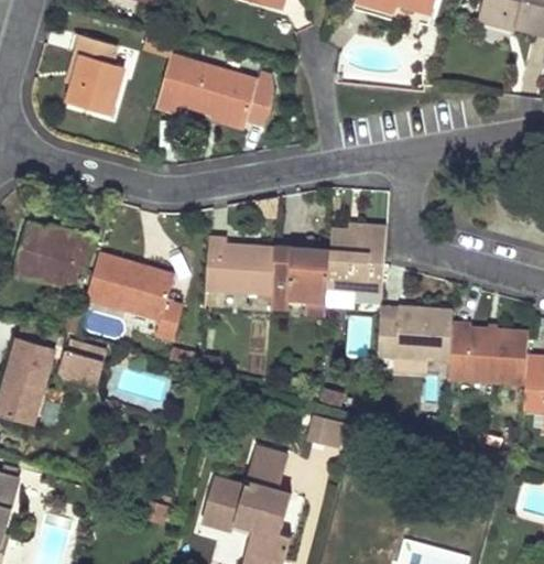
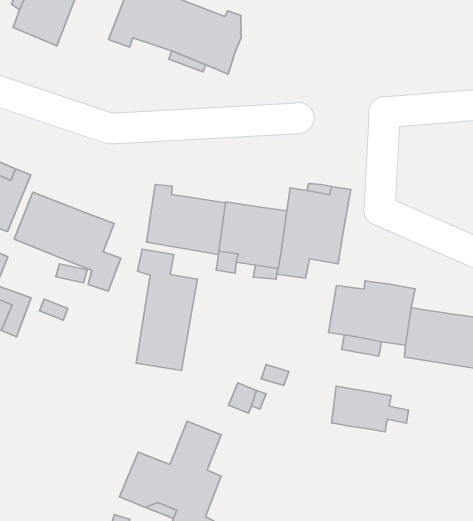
building: none -> [136,249,197,371]
building: none -> [331,386,408,432]

